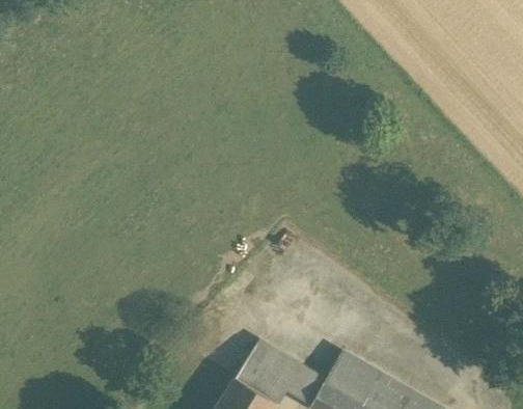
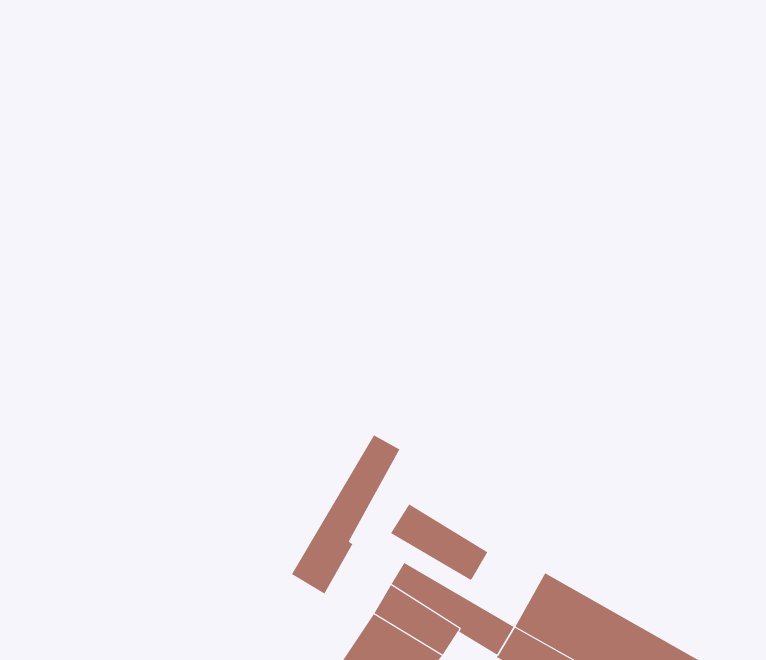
building: none -> [291,435,400,594]
building: none -> [390,503,488,581]

